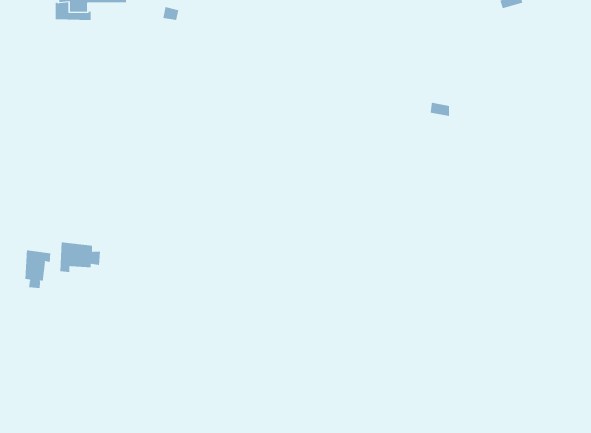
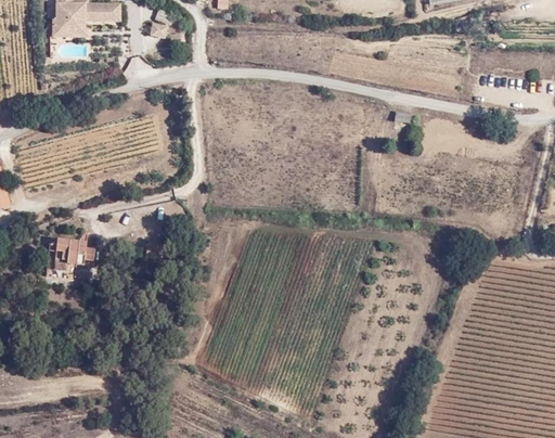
building: [25,249,51,289] -> none

